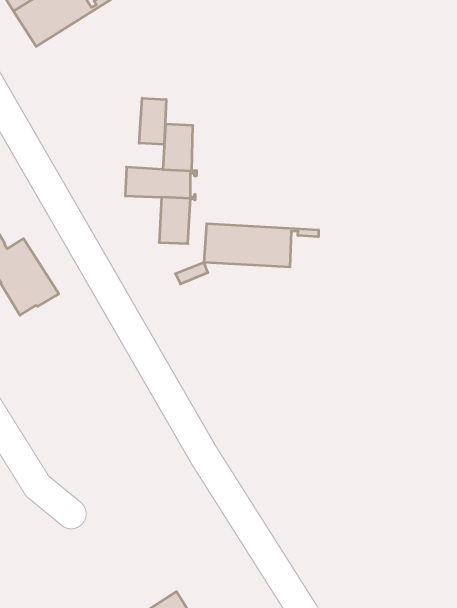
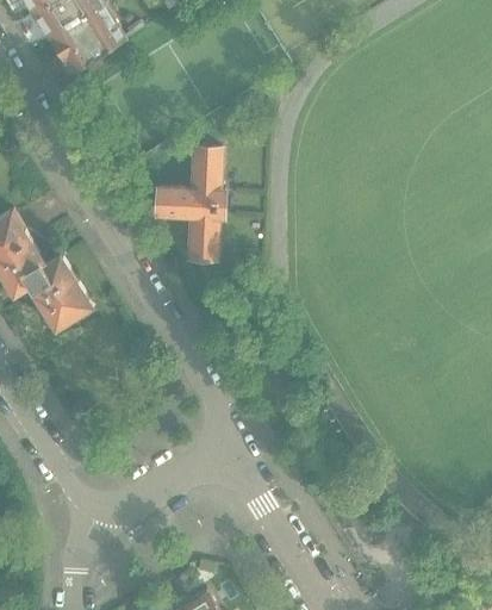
building: [139,98,166,145] -> none
building: [204,224,319,267] -> none

